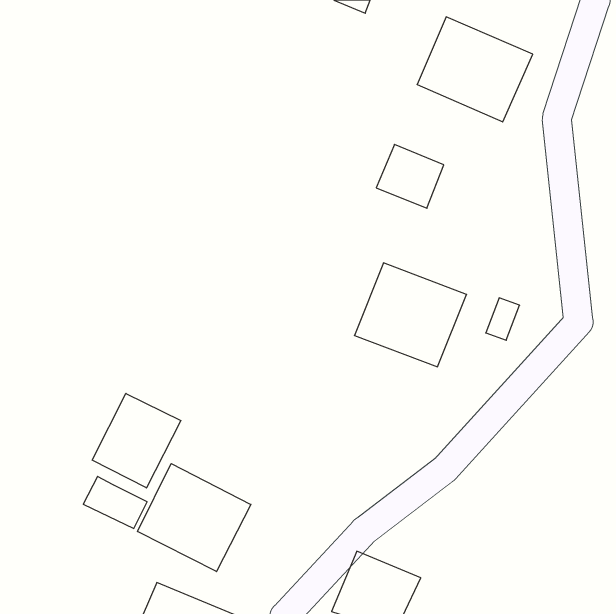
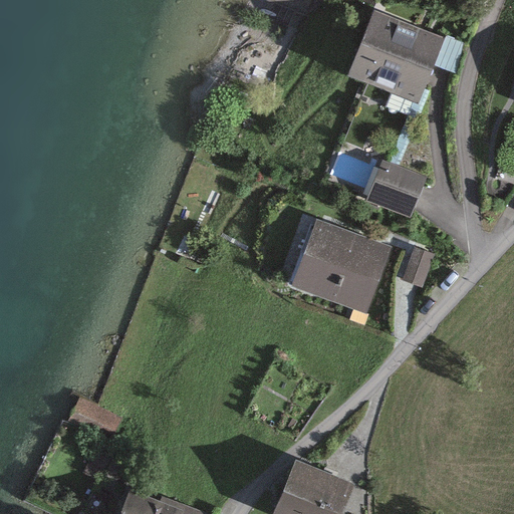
building: [376,144,444,208] -> [368,161,425,214]
building: [92,393,181,488] -> none
building: [138,464,251,572] -> none

